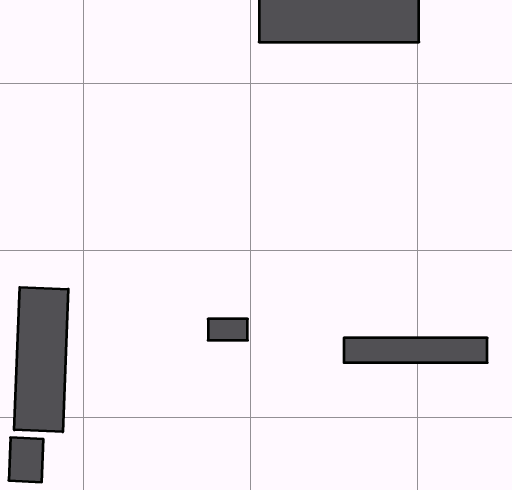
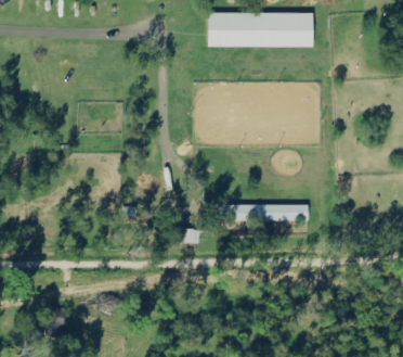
building: [14,287,68,432] -> none
building: [344,338,487,363] -> [214,204,309,220]

